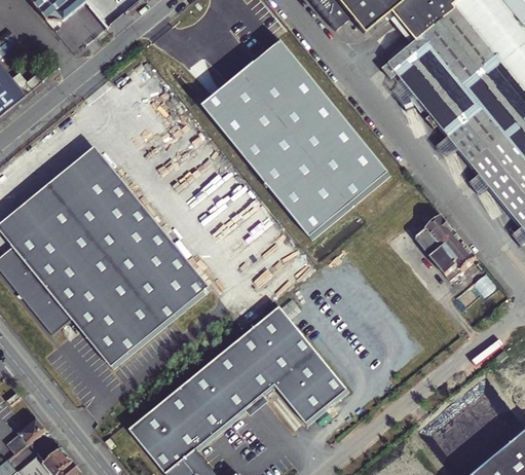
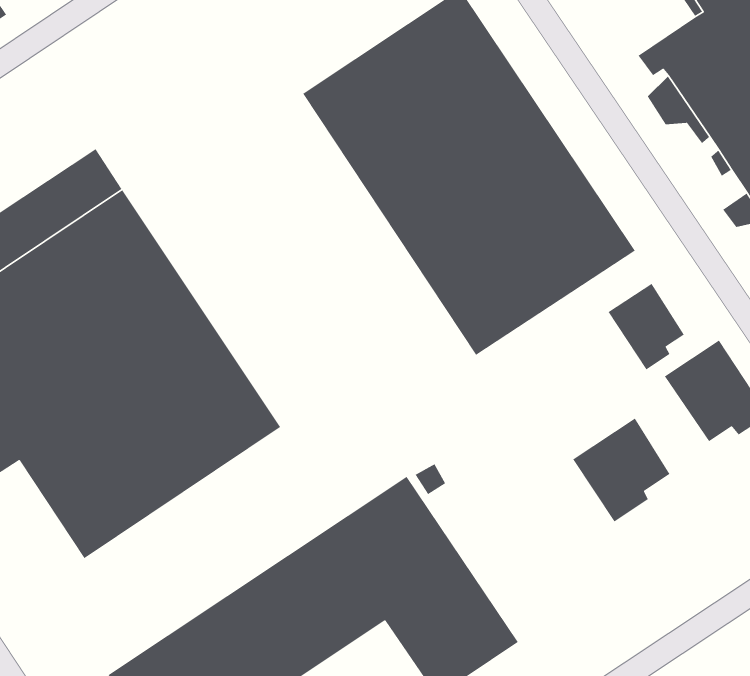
building: none -> [607,283,685,370]
building: none -> [572,418,671,523]

